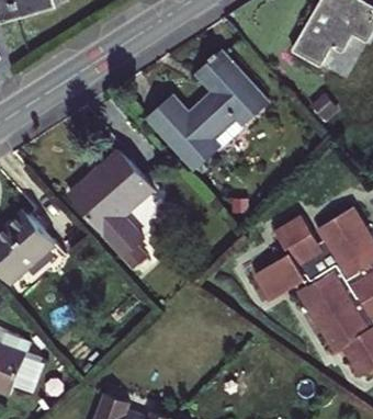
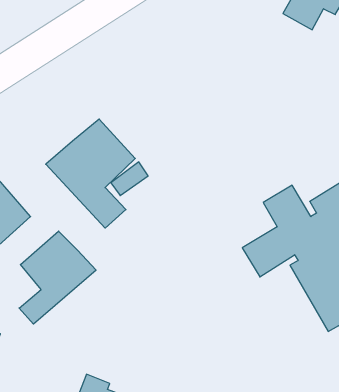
building: [146,50,265,168] -> none
building: none -> [19,231,96,324]

